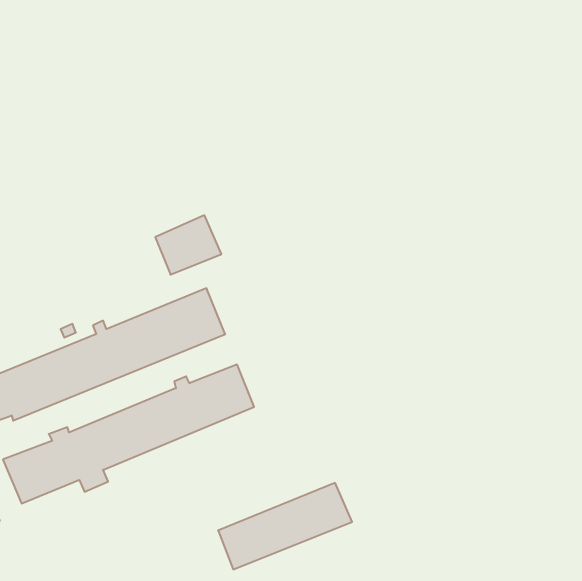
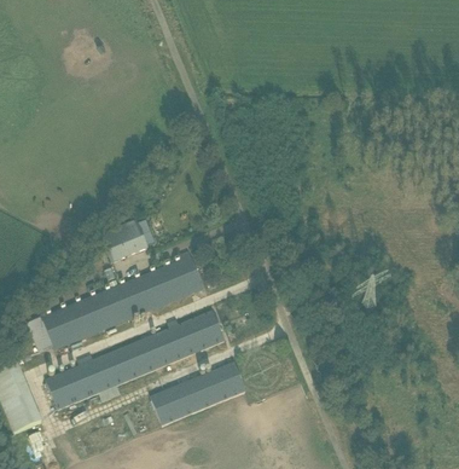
building: [155,215,221,275] -> [101,219,149,261]
building: [218,483,352,569] -> [151,363,246,424]

